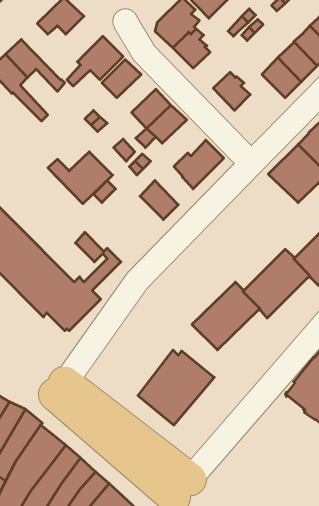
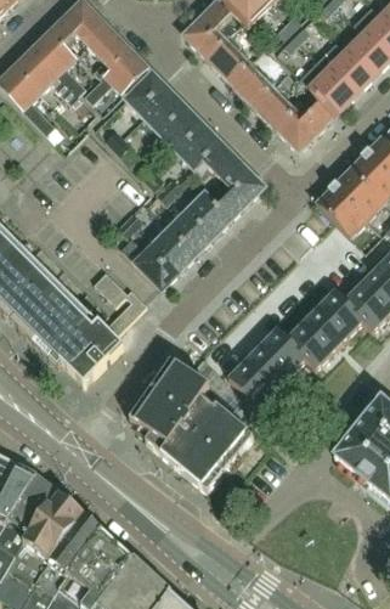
building: none -> [84,21,126,64]
building: none -> [33,29,86,94]
building: none -> [230,62,272,103]
building: none -> [142,88,187,131]
building: none -> [277,105,330,151]
building: none -> [194,140,244,181]
building: [48,152,113,204] -> [121,227,196,287]
building: none -> [186,191,230,237]
building: none -> [130,357,237,456]

